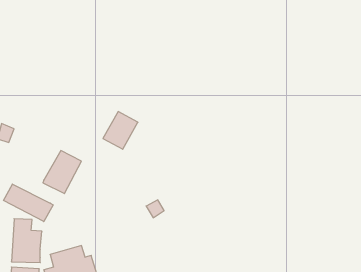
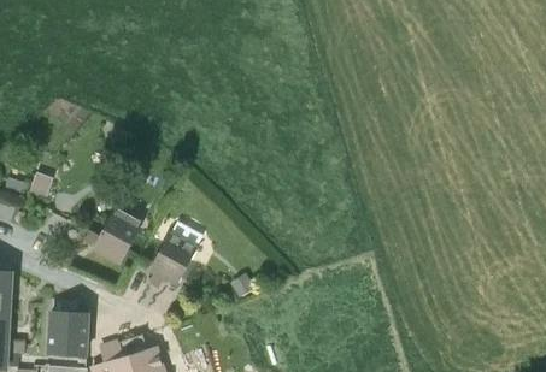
building: [103,112,138,149] -> [149,235,196,285]
building: [4,184,53,222] -> none

